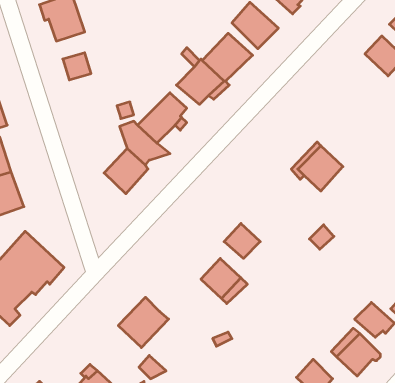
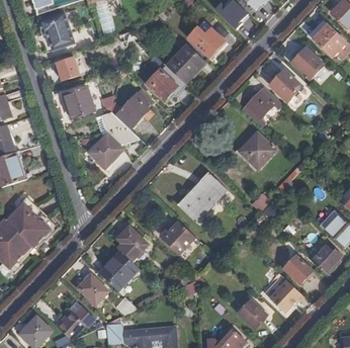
building: none -> [270,68,302,100]
building: none -> [246,85,277,116]
building: none -> [63,87,94,119]
building: none -> [195,170,229,206]
building: none -> [116,226,148,261]
building: none -> [77,272,109,303]

